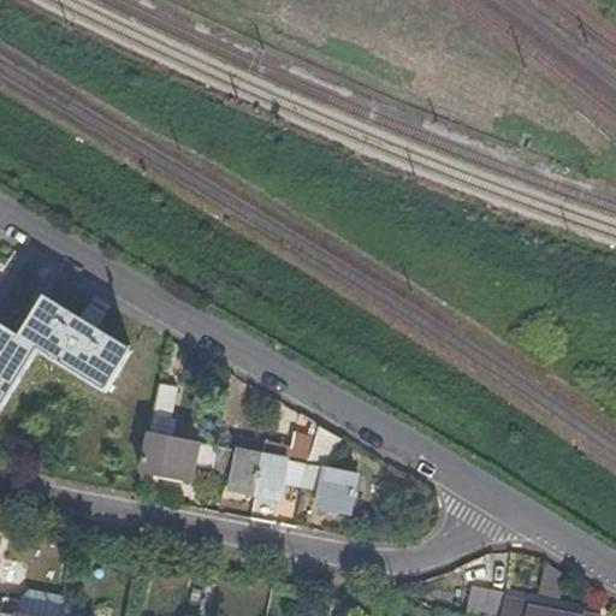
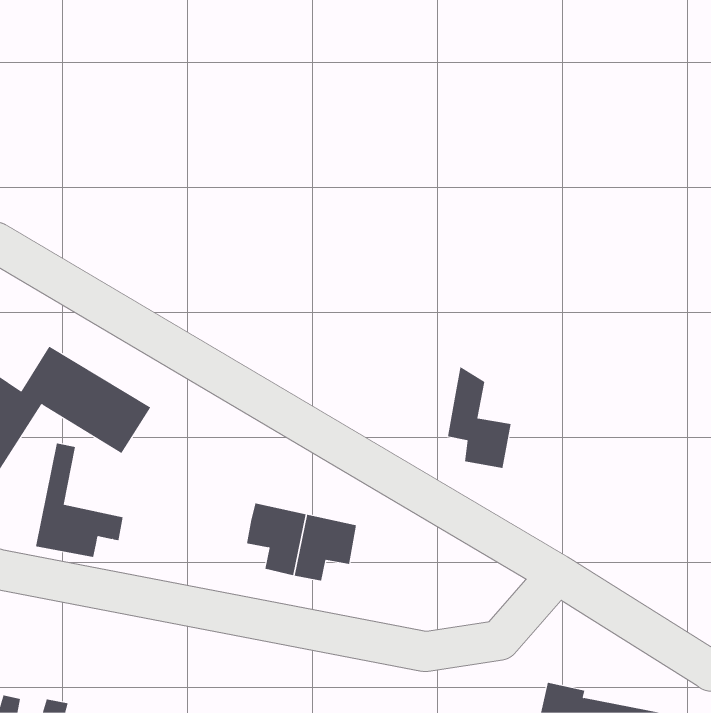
building: [140,383,215,481] -> [35,443,123,558]
building: [301,425,356,513] -> [447,366,512,469]

